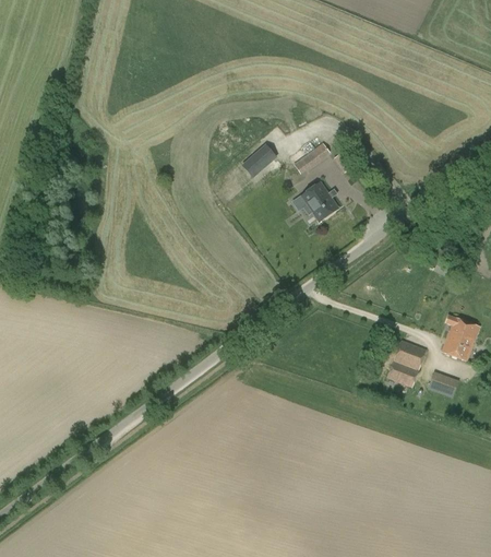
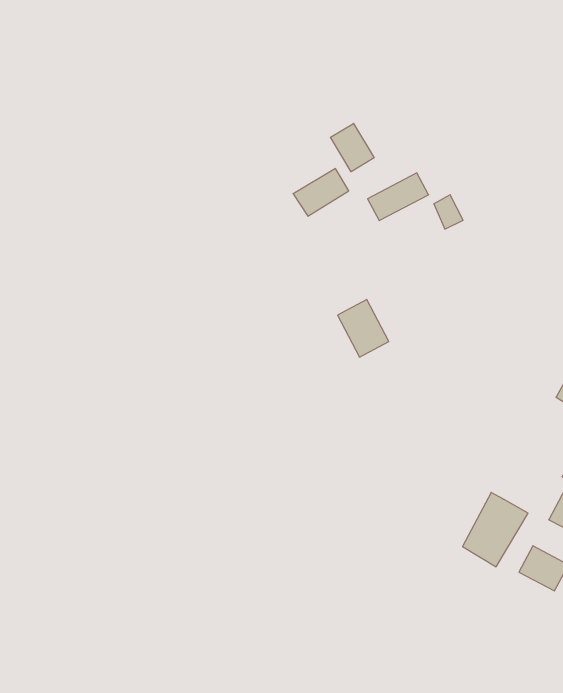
building: none -> [330,123,374,172]
building: [301,182,337,221] -> [338,300,389,357]

